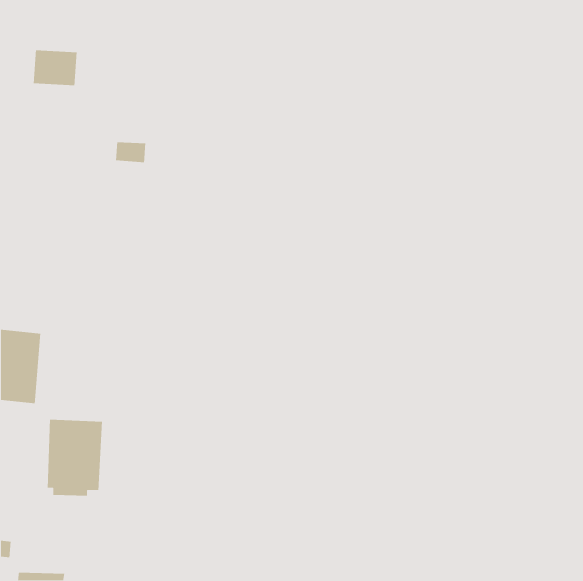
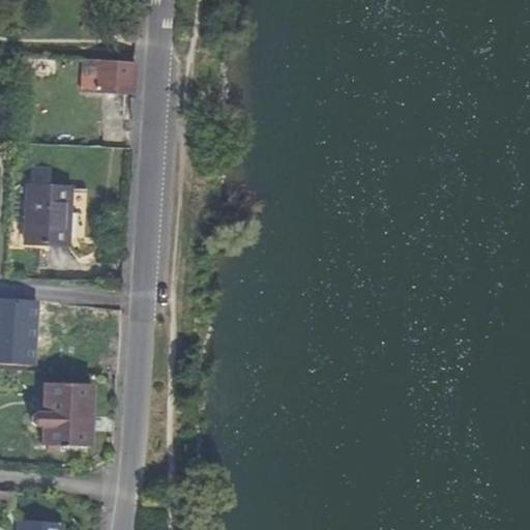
building: [33,49,77,86] -> [96,59,137,92]
building: none -> [25,186,71,244]

